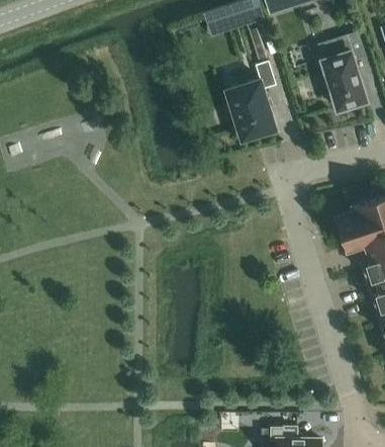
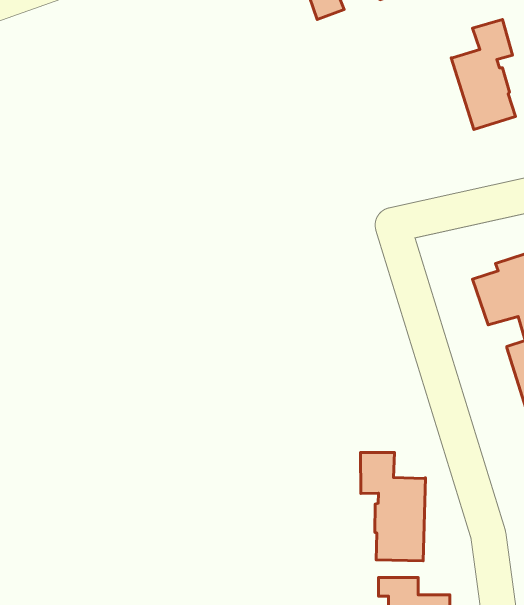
building: [223,28,279,142] -> none
building: none -> [361,452,426,561]

